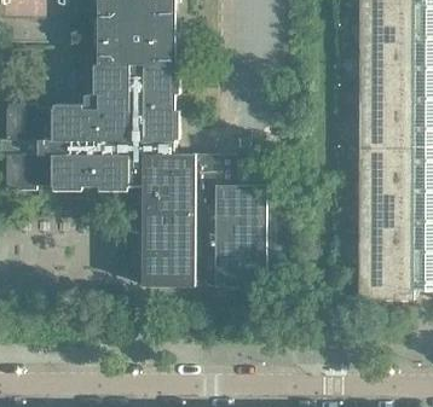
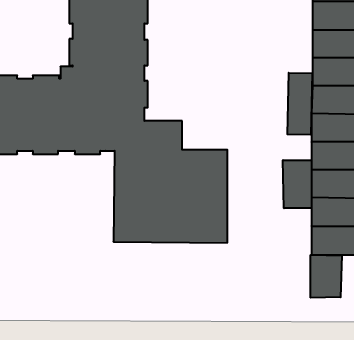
building: none -> [287,73,312,135]
building: none -> [283,160,311,208]
building: none -> [311,255,342,298]

